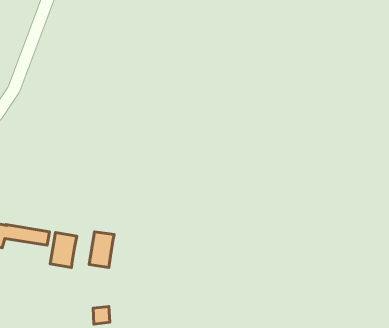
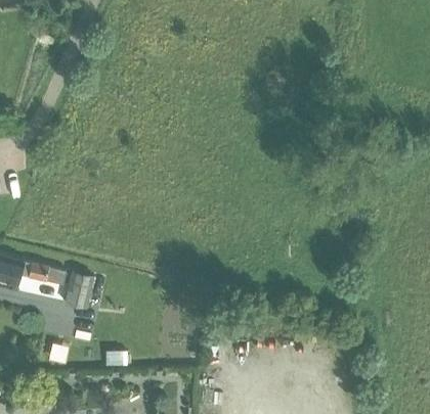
building: [89,232,114,268] -> none

